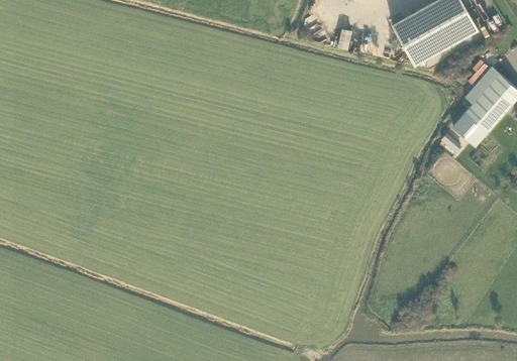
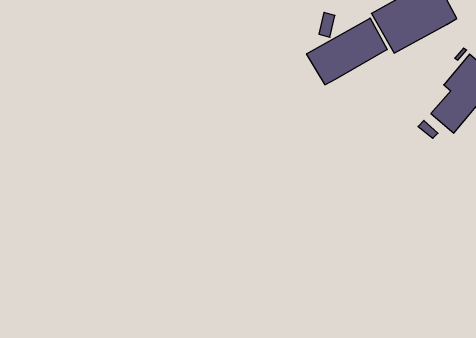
building: none -> [307,18,387,85]

